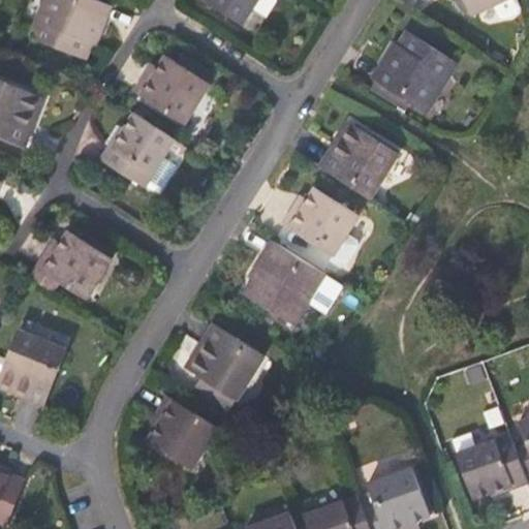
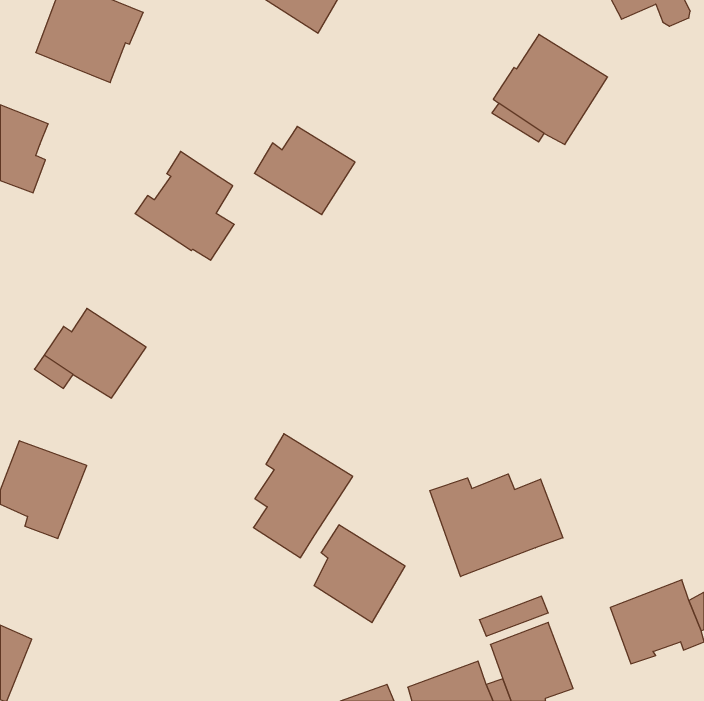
building: [133,56,209,122] -> [254,126,355,215]
building: [319,125,398,196] -> none
building: [282,188,357,267] -> none
building: [245,241,341,324] -> none
building: none -> [430,474,563,577]
building: [149,399,217,472] -> [314,525,405,623]

